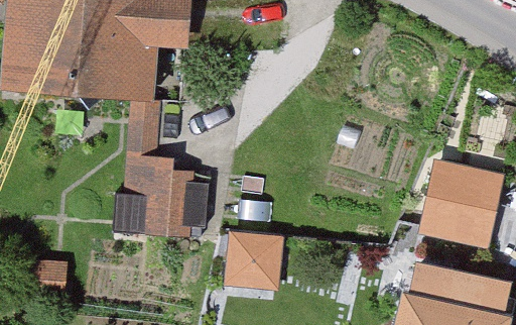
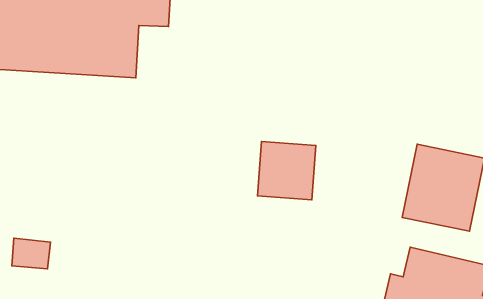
building: [117,102,185,228] -> none
building: [224,221,283,281] -> [257,142,316,200]

